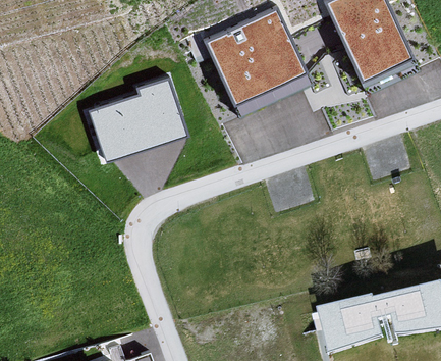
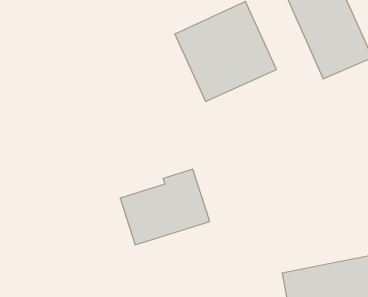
building: [90,82,187,164] -> [120,169,210,245]

